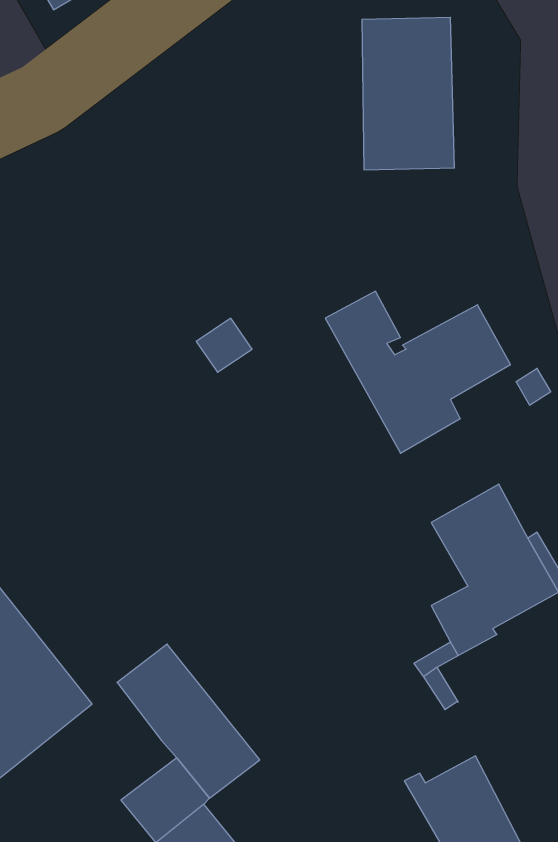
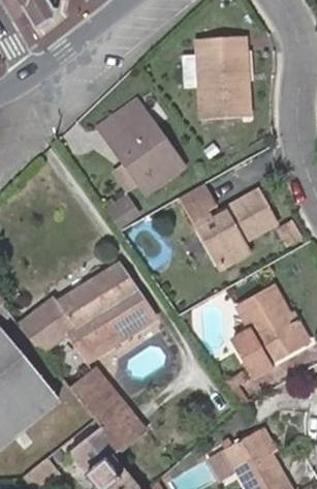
building: none -> [102,98,187,190]
building: none -> [19,265,152,364]

